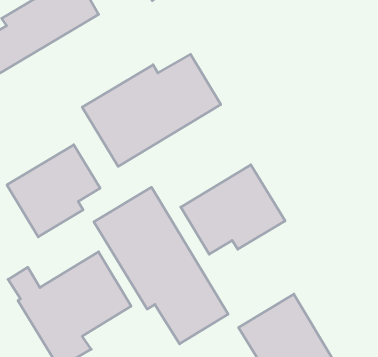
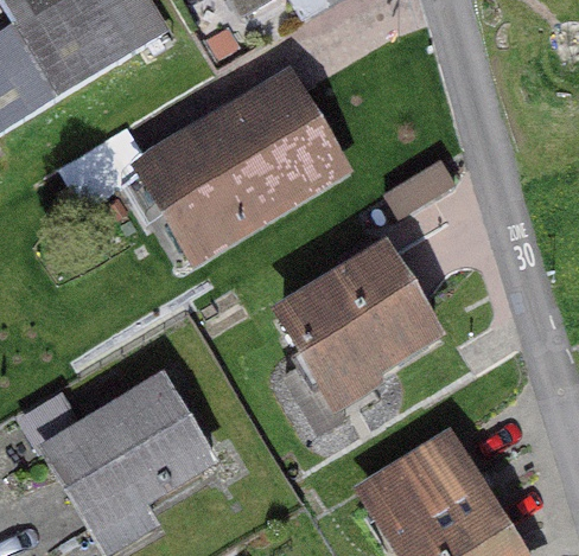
building: [7,145,100,237] -> none
building: [94,187,228,344] -> none

